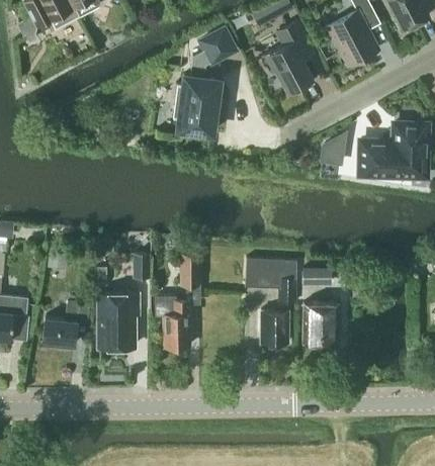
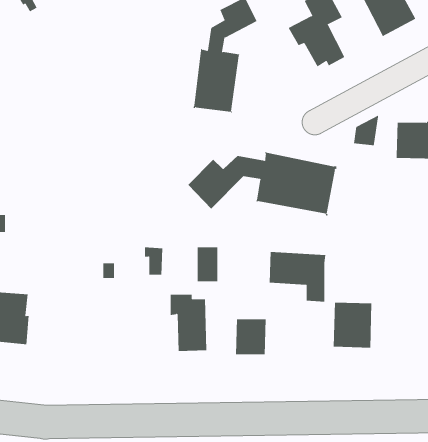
building: none -> [187,151,337,217]
building: [302,269,332,286] -> none
building: [99,295,138,350] -> none
building: [41,302,90,348] -> none
building: [260,312,288,345] -> [235,319,266,355]

